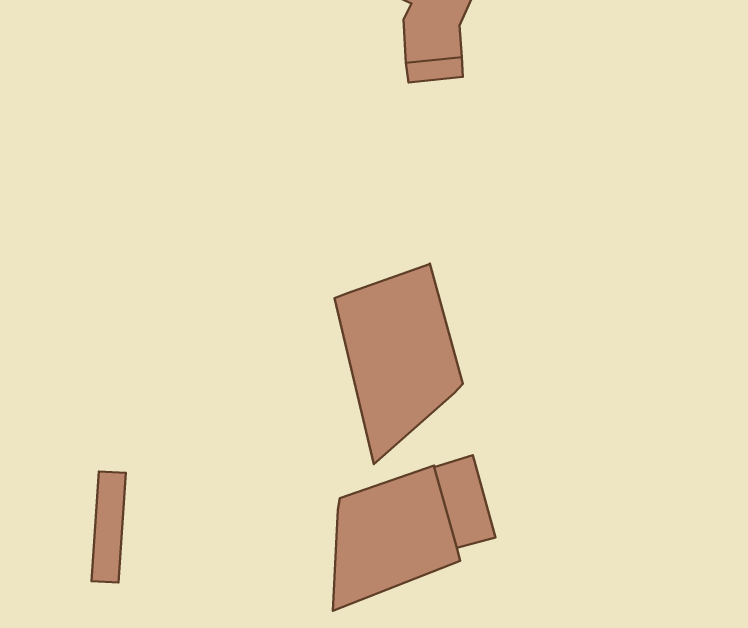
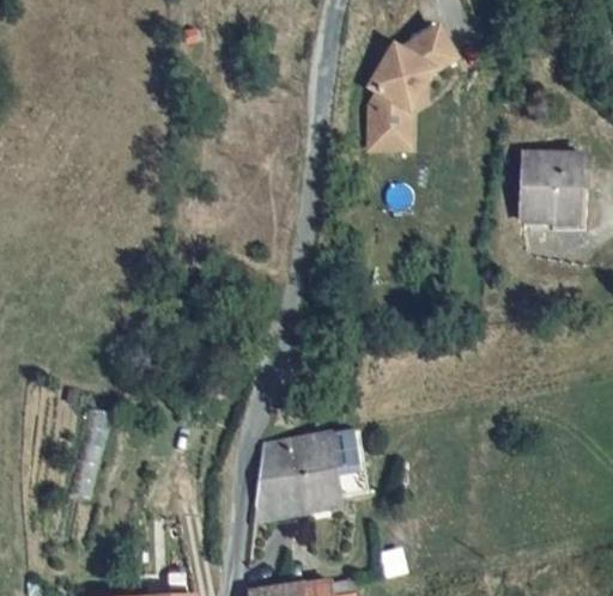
building: none -> [524,157,589,223]
building: [335,264,463,464] -> none

